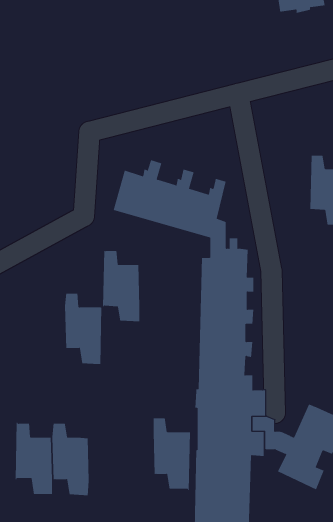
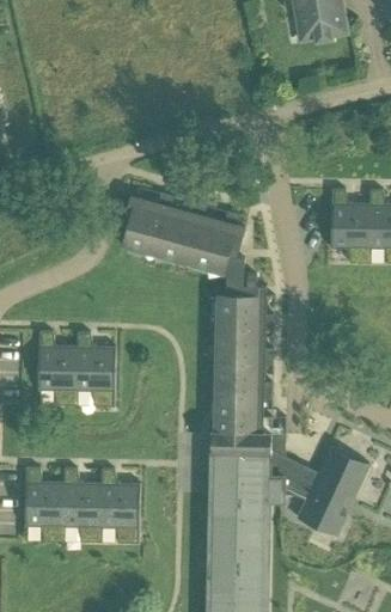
building: [102,251,140,322] -> [36,331,75,405]
building: [153,418,191,490] -> [99,469,139,544]

